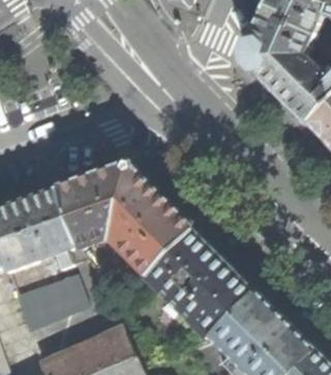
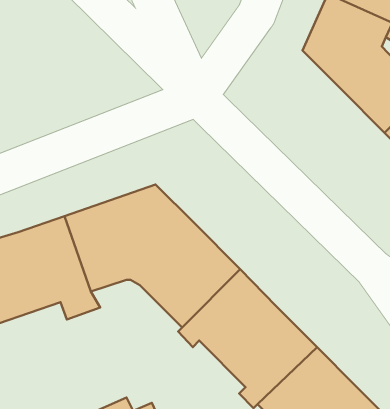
building: [17,276,87,329] -> none

